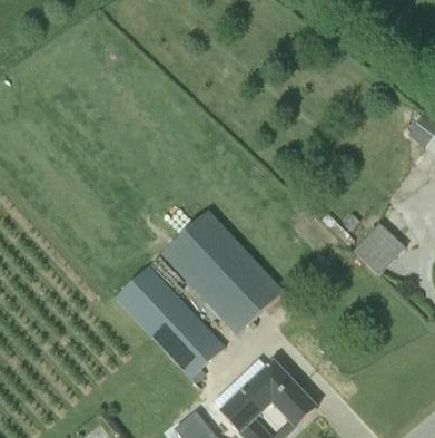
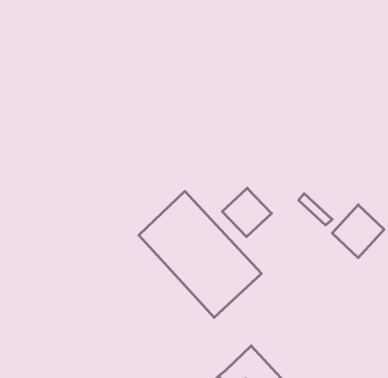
building: none -> [222,188,272,237]
building: [115,265,224,378] -> none

